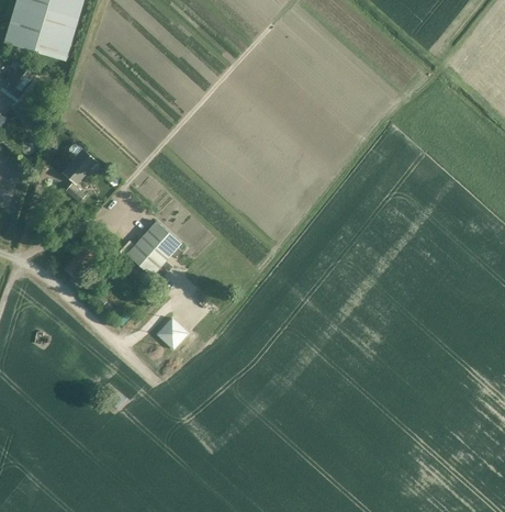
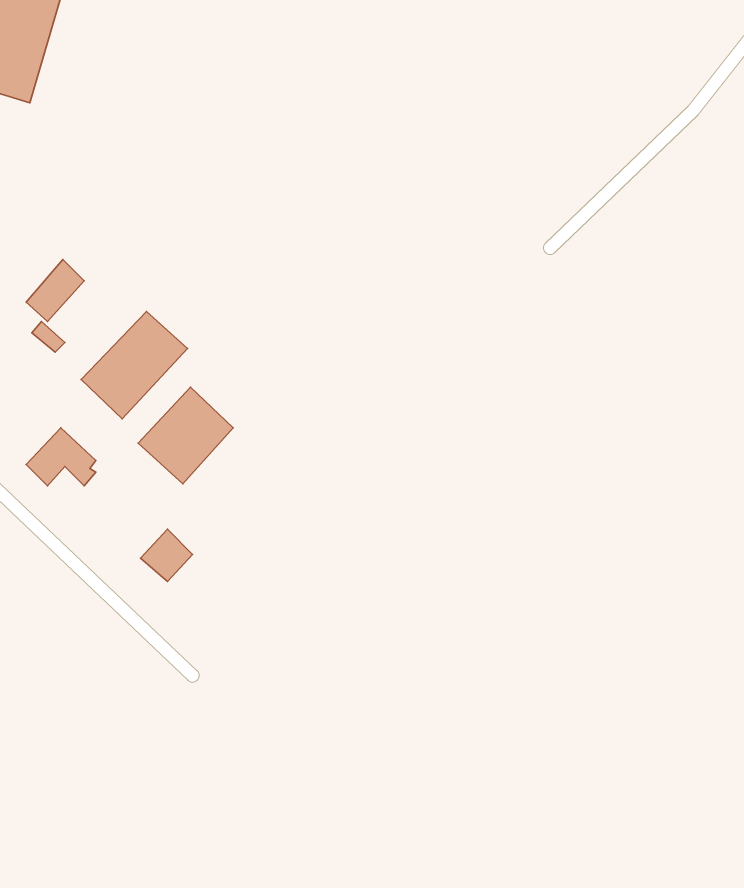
building: none -> [81,312,188,419]
building: [157,318,187,347] -> [140,529,193,581]

